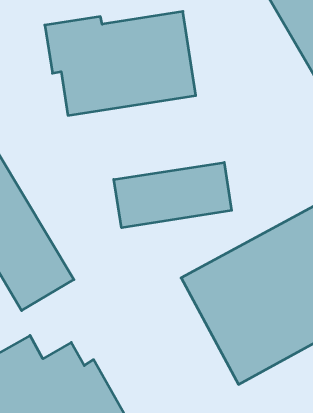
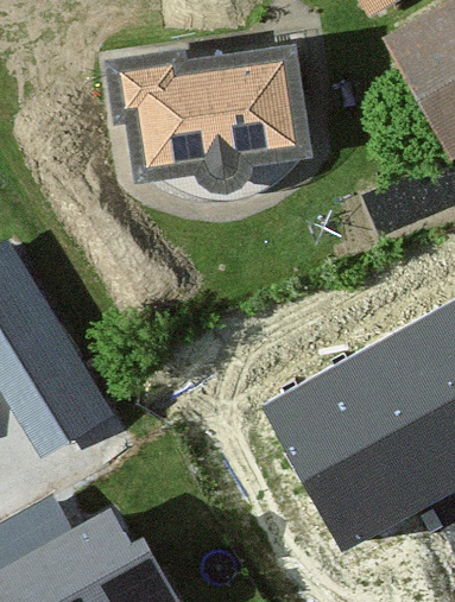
building: [114,162,232,228] -> none

